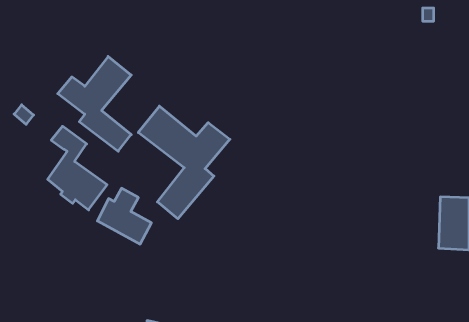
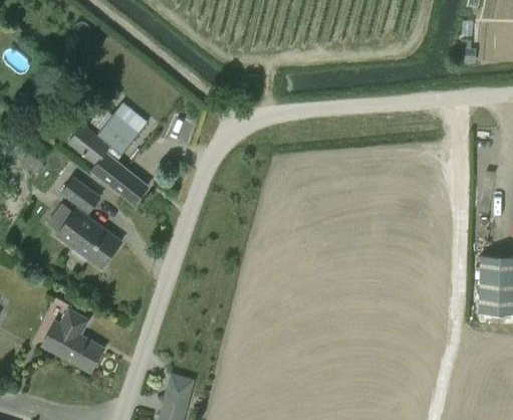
building: [138,106,230,219] -> none
building: [97,188,151,244] -> [43,310,101,371]

